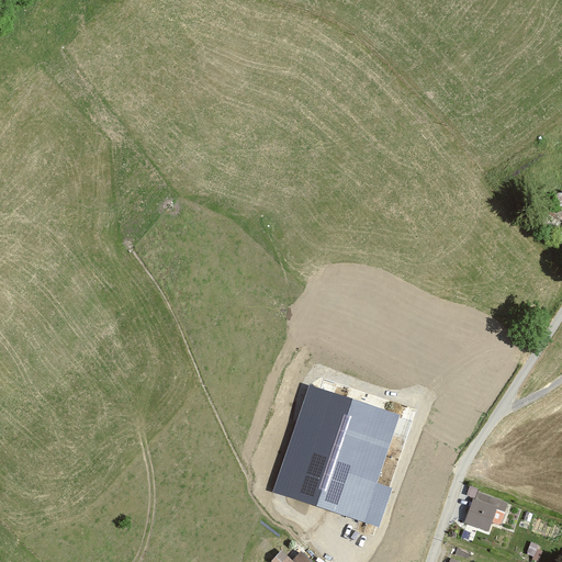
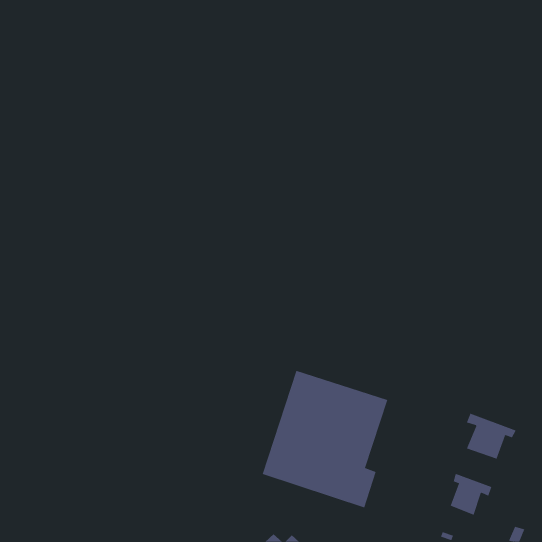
building: none -> [466,413,516,460]

